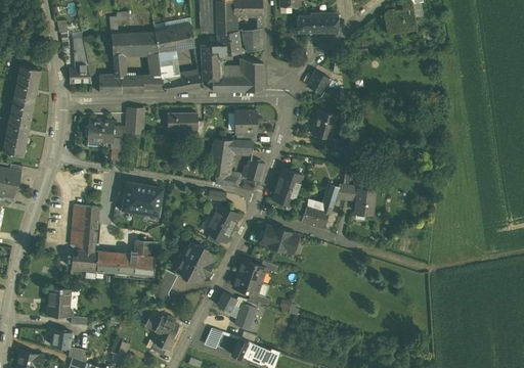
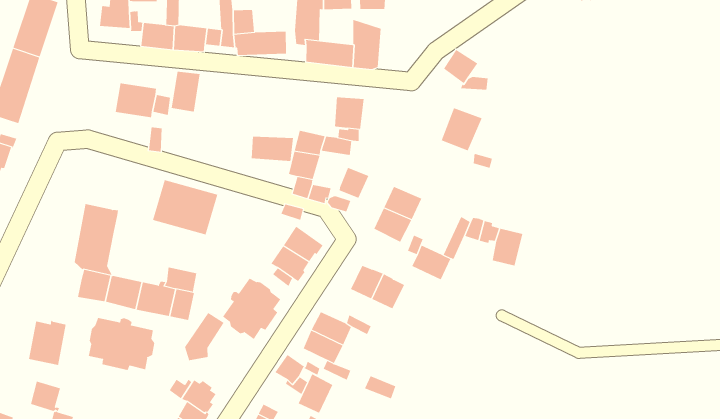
building: [168,112,196,130] -> [251,136,294,162]
building: none -> [88,317,155,371]

